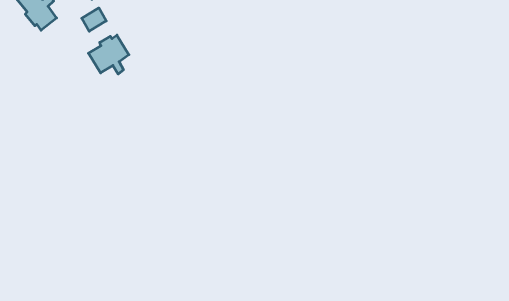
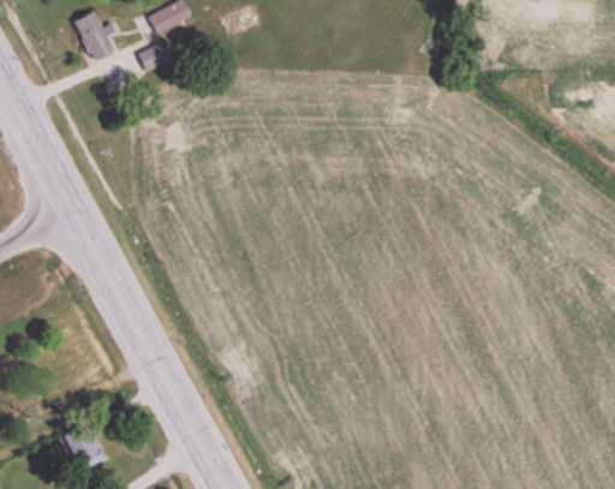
building: [88,35,129,74] -> none

